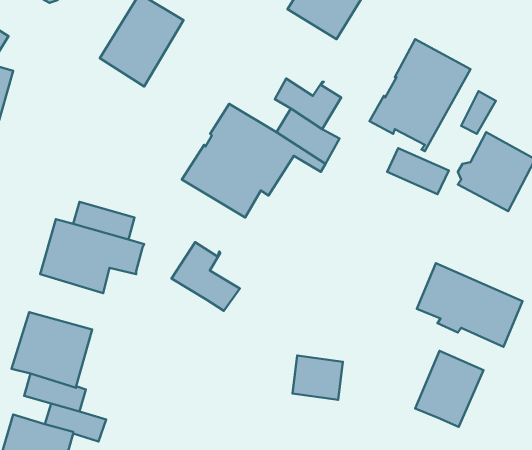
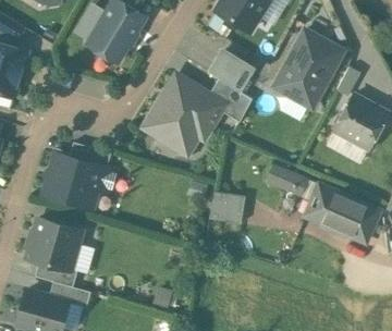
building: [387,148,449,194] -> [265,164,307,196]
building: [172,242,240,311] -> none
building: [415,351,483,427] -> none
building: [293,356,343,400] -> [209,193,244,223]

